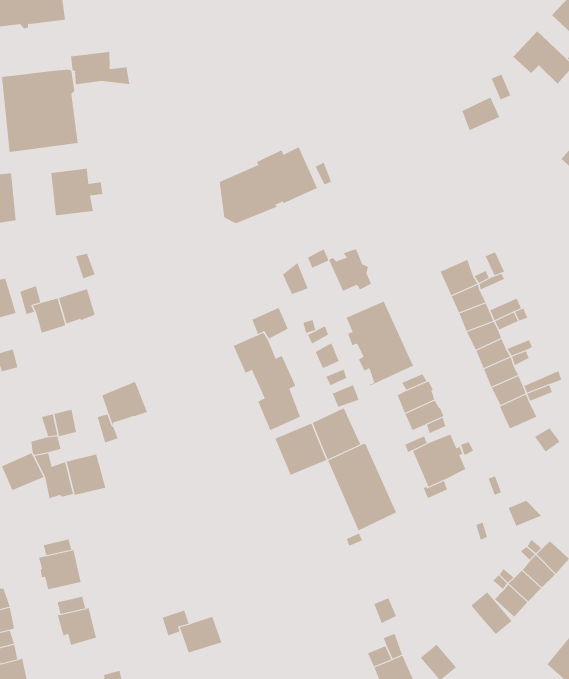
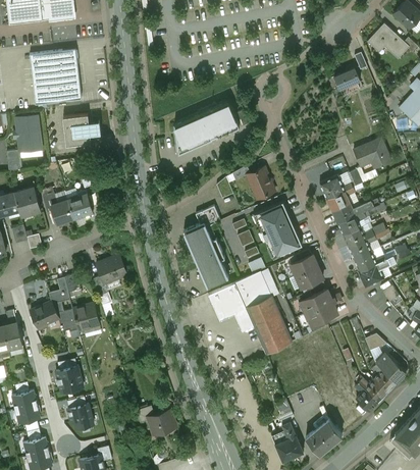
building: [71,51,130,85] -> none
building: none -> [352,140,389,170]
building: [471,592,512,635] -> [314,416,342,445]

